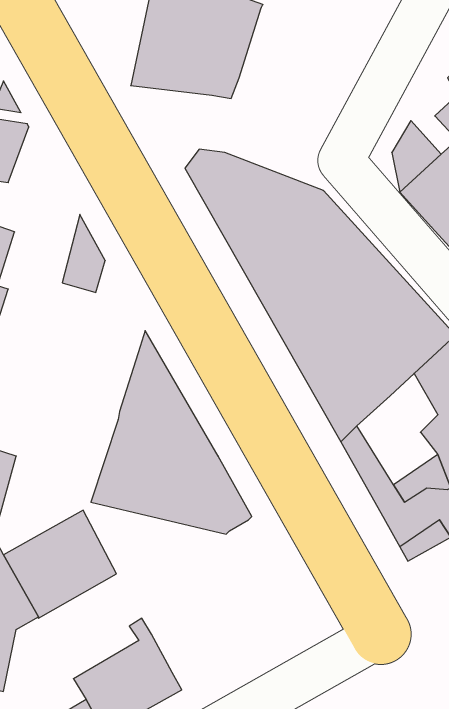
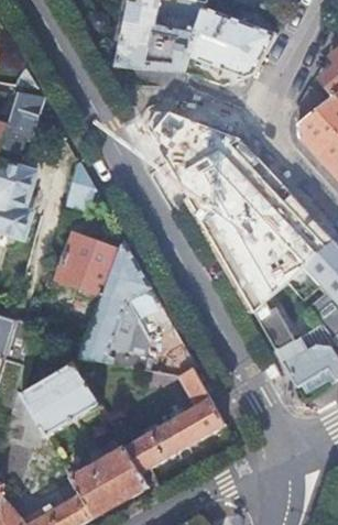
building: none -> [186,13,273,79]
building: none -> [59,233,118,298]
building: none -> [126,368,223,473]

